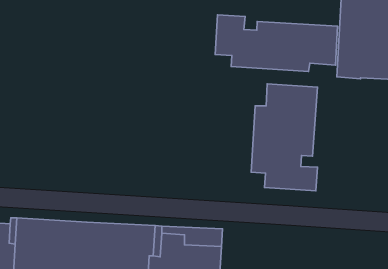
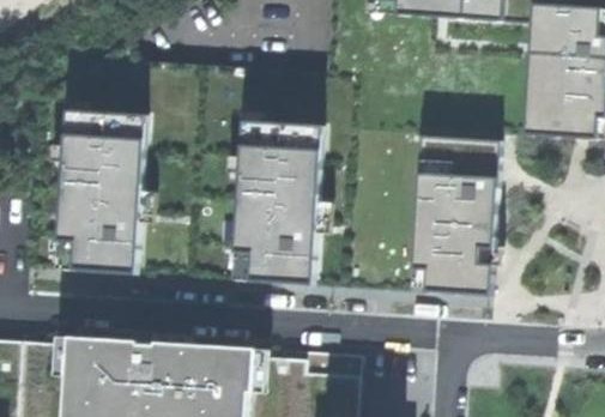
building: [215,15,338,72] -> none
building: none -> [56,109,147,273]
building: none -> [230,123,322,282]

